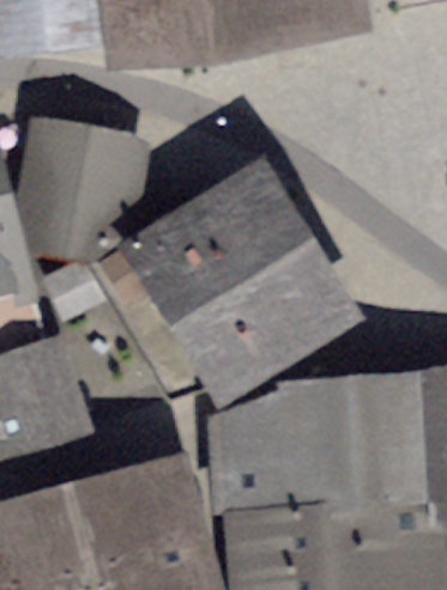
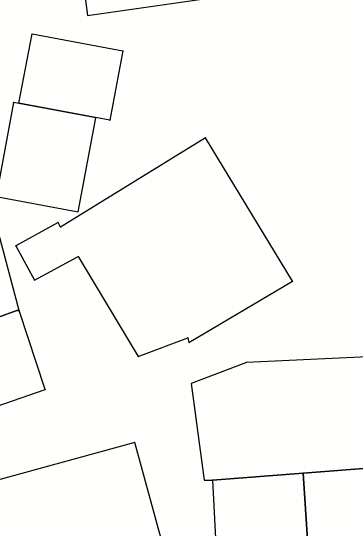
building: none -> [19,34,123,120]

